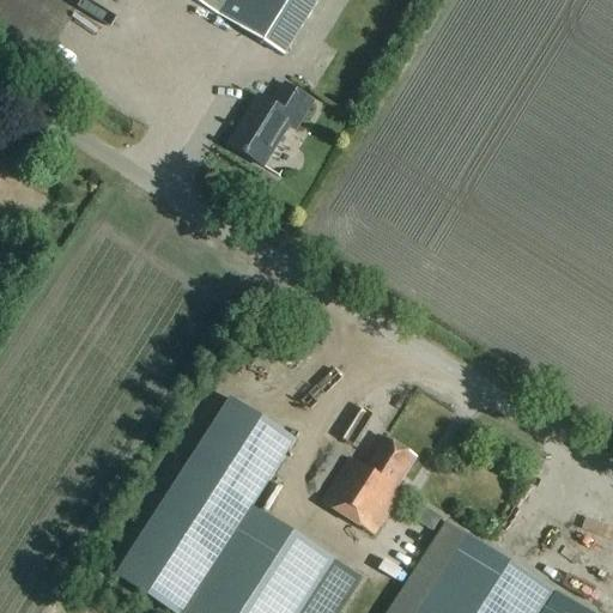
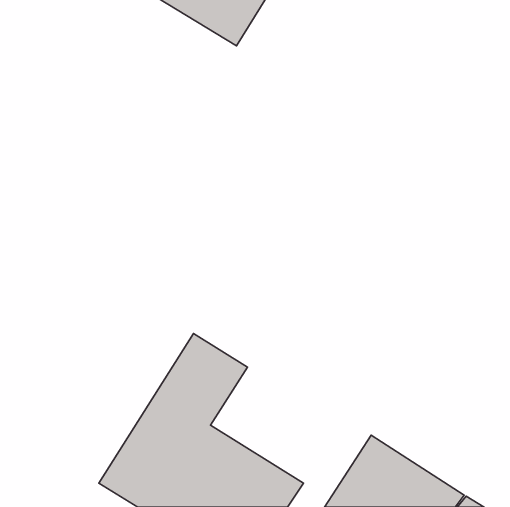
building: [227,83,311,165] -> none
building: [321,438,415,534] -> none

